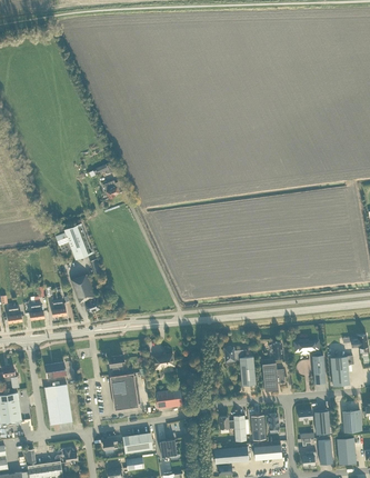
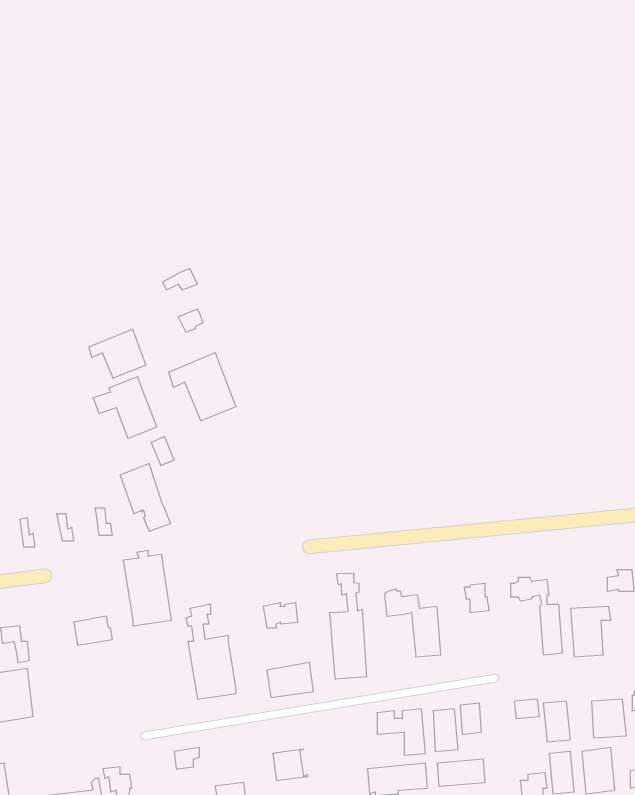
building: none -> [89,329,146,378]
building: none -> [169,353,236,421]
building: none -> [329,573,367,679]
building: [261,362,282,390] -> none
building: [43,381,71,425] -> [123,550,172,626]
building: [121,431,151,452] -> none

